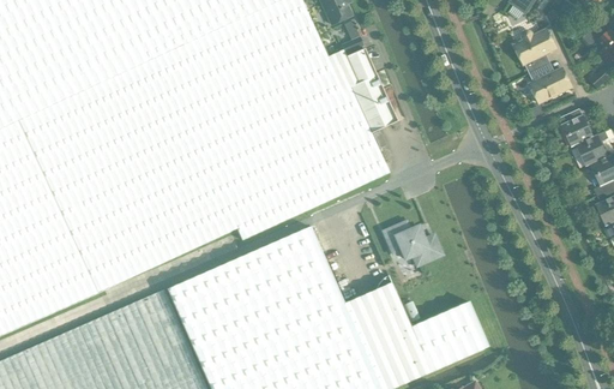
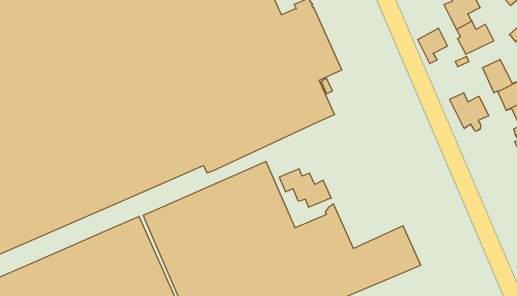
building: none -> [418,28,447,64]
building: none -> [450,93,489,131]
building: [383,222,443,267] -> [279,169,331,207]

